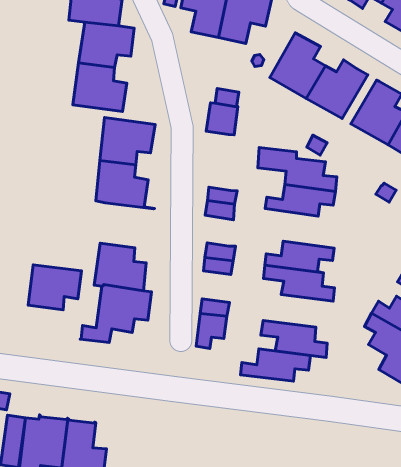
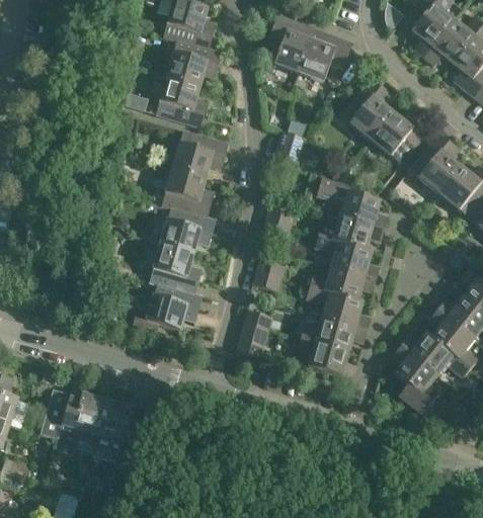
building: none -> [313,235,379,280]
building: [28,265,81,310] -> [161,207,215,253]
building: [241,349,311,381] -> [300,316,367,350]

